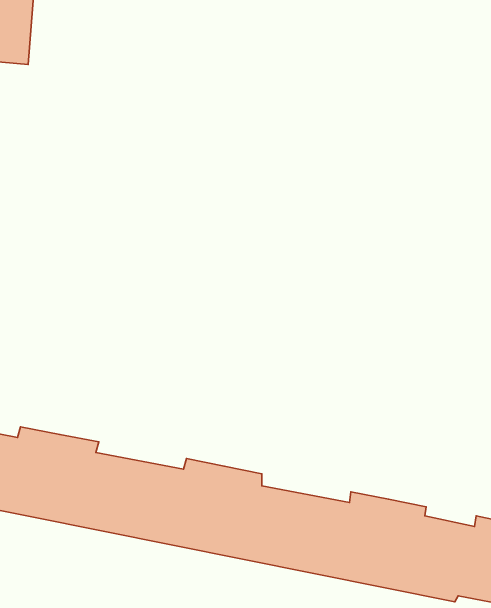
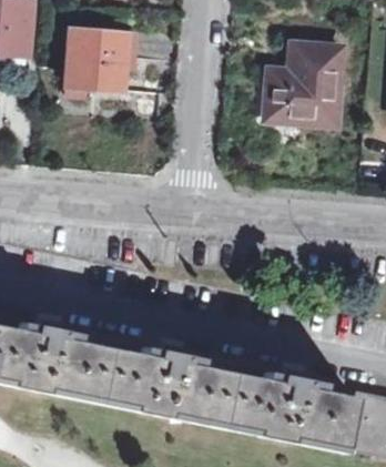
building: none -> [65,29,125,88]
building: none -> [266,47,341,128]

